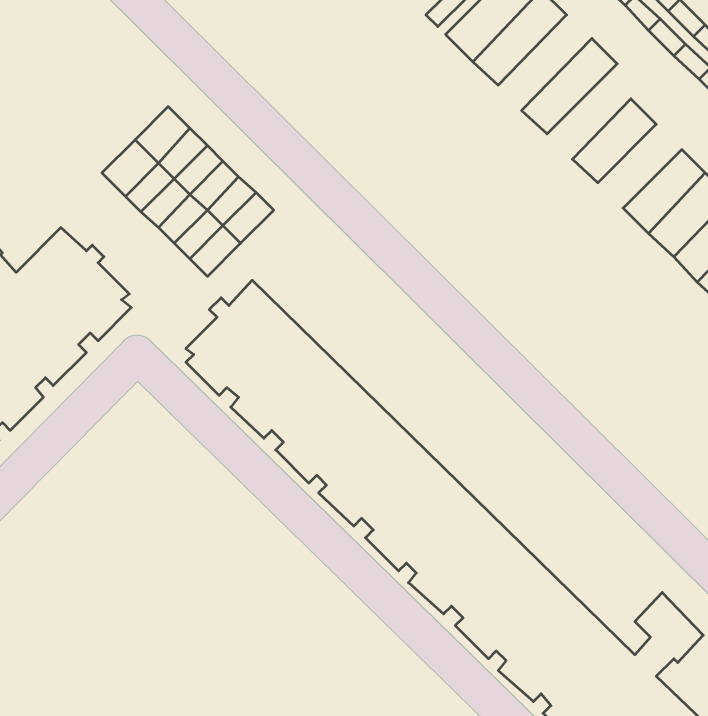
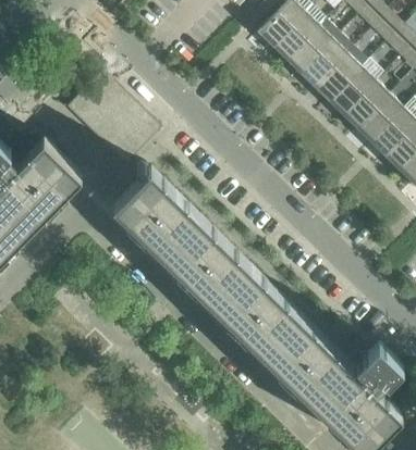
building: none -> [287,18,340,72]
building: none -> [315,46,368,99]
building: none -> [343,79,390,126]

